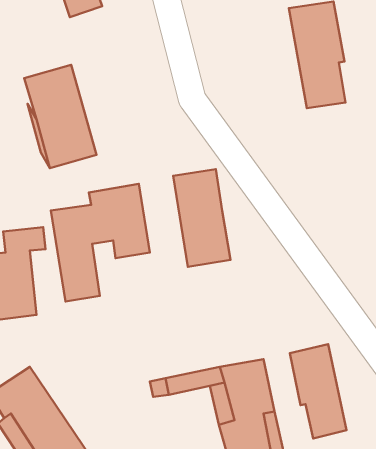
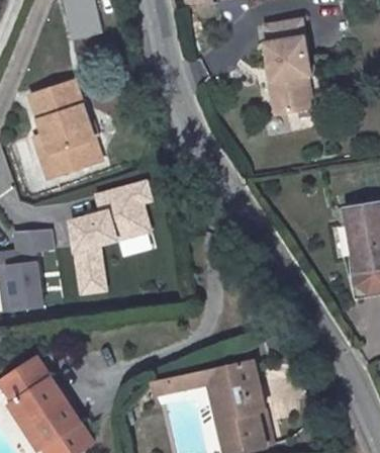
building: [173,169,231,267] -> none
building: [290,344,346,438] -> none

